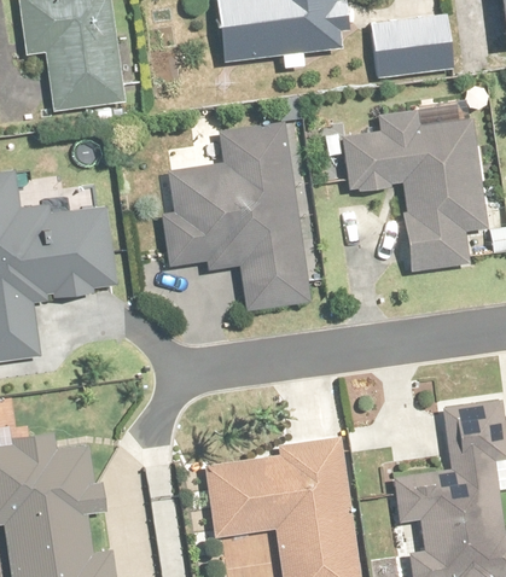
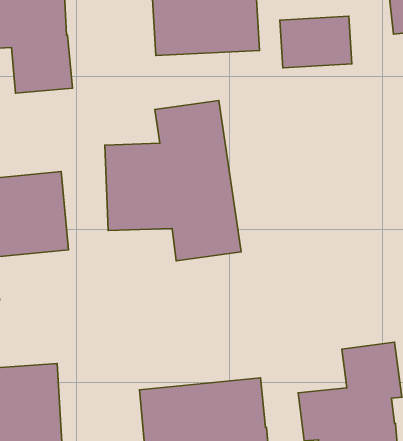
building: [320,109,487,279] -> none

